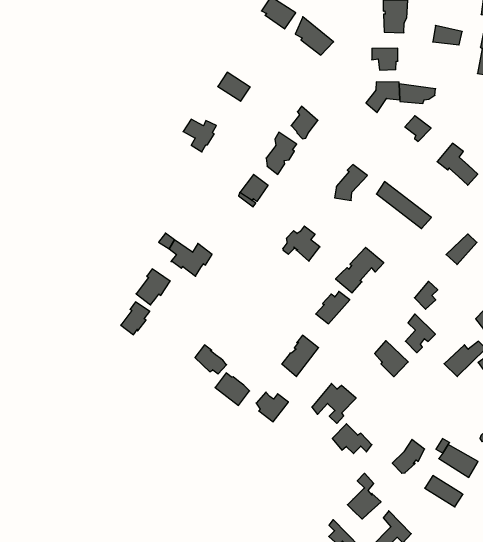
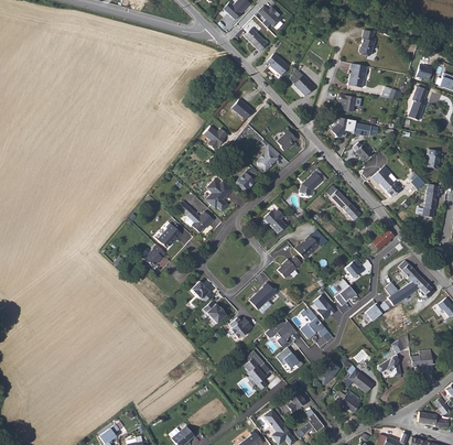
building: none -> [205,180,231,211]
building: none -> [299,307,328,339]
building: none -> [244,350,270,389]

